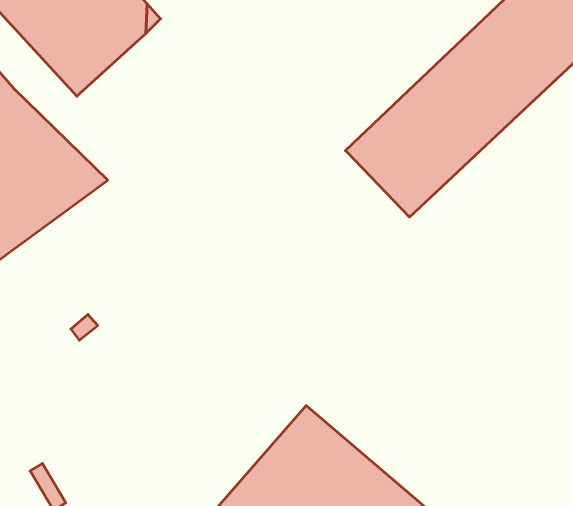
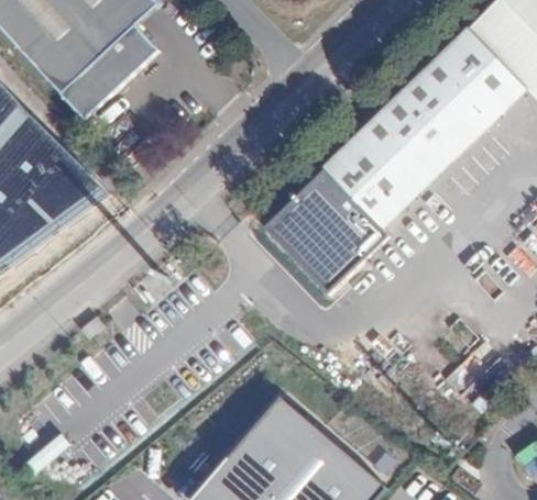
building: none -> [261,168,386,295]

